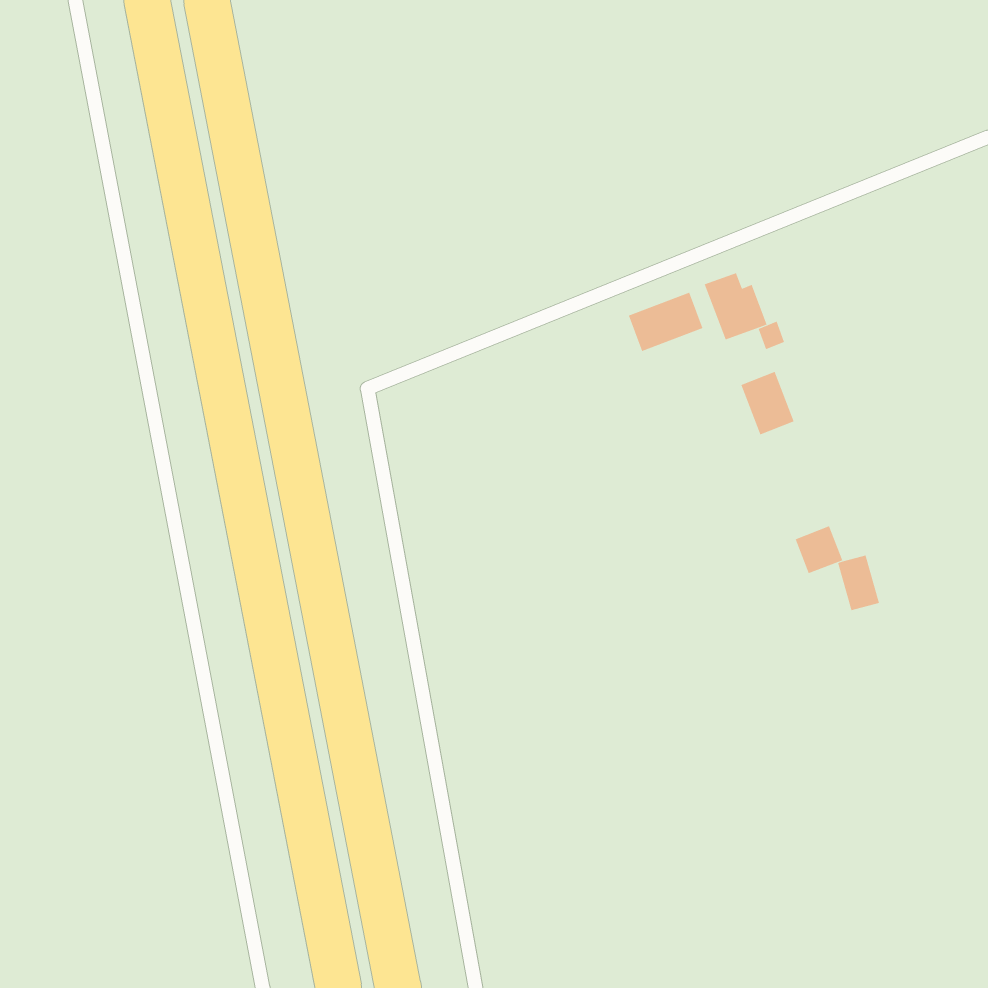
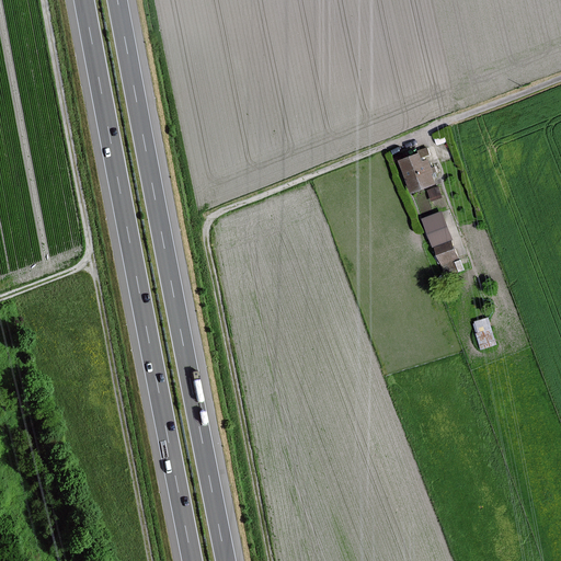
building: [628,292,703,352] -> none
building: [795,526,843,574] -> [431,239,458,266]

